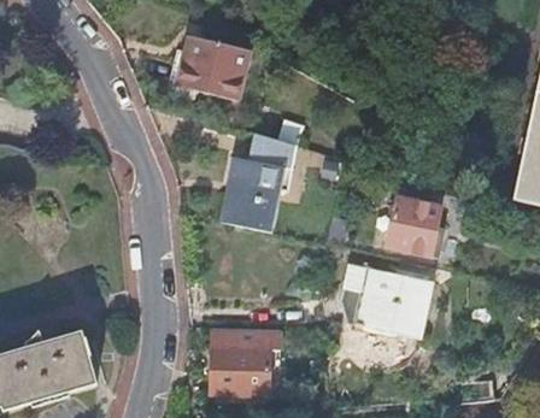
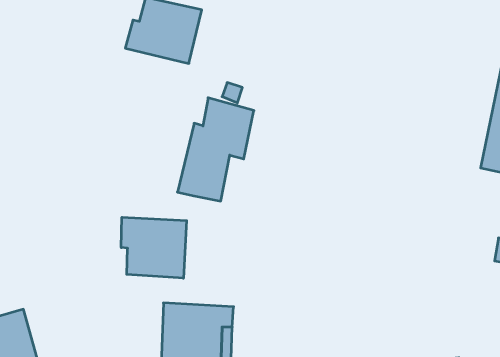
building: [385,195,441,258] -> none
building: none -> [121,217,187,278]
building: [340,264,432,338] -> none

